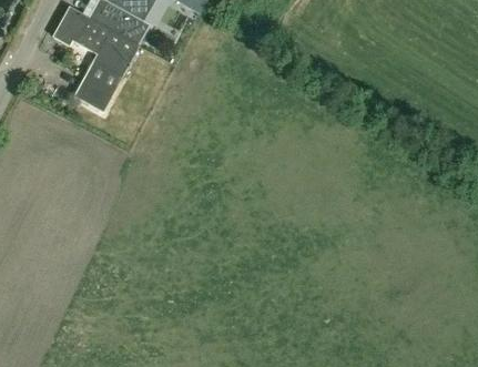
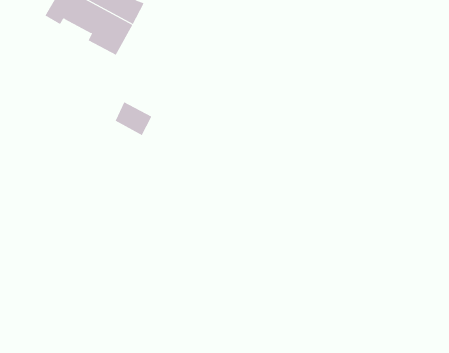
building: [75,78,112,111] -> [115,102,152,136]

